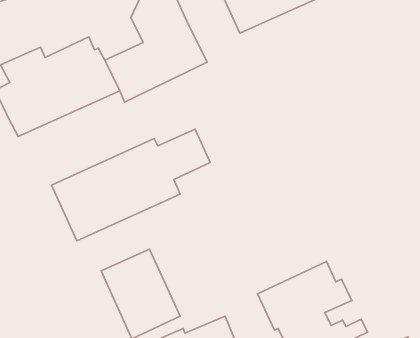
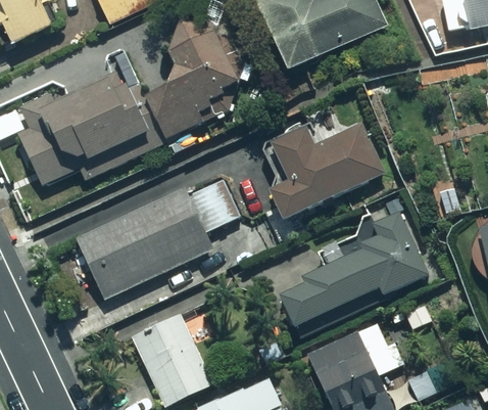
building: none -> [262,118,385,224]
building: none -> [259,209,431,331]

